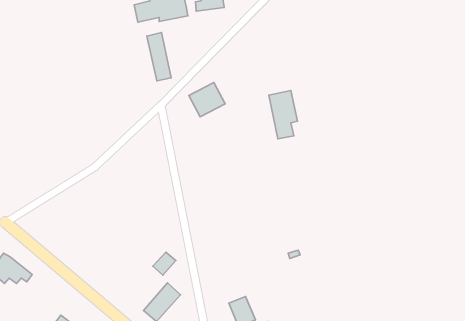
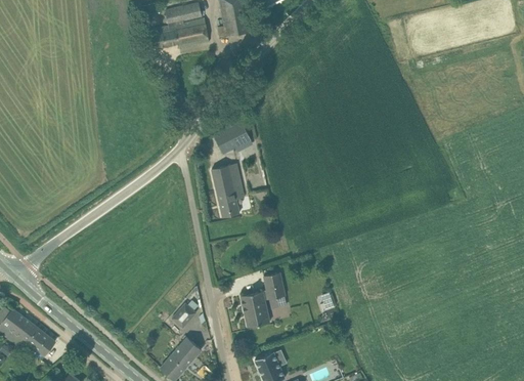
building: [147,32,171,81] -> none
building: [269,91,297,139] -> [212,164,244,217]
building: none -> [241,272,285,328]
building: none -> [7,328,55,356]

